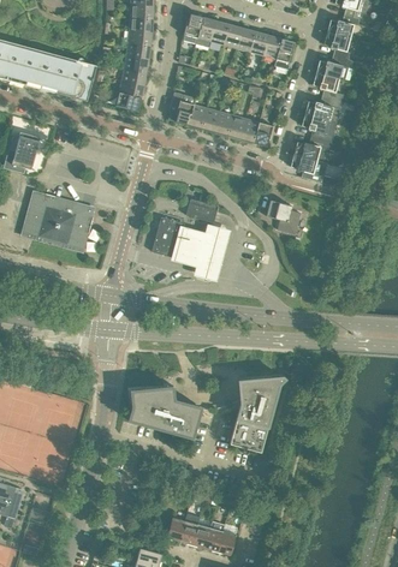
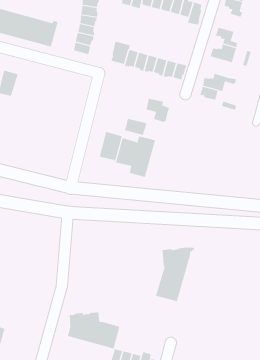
building: [315,54,352,79] -> none
building: [301,113,335,142] -> none
building: [23,192,93,250] -> none
building: [266,199,299,233] -> [145,98,170,123]
building: [127,386,201,437] -> [67,312,120,349]

